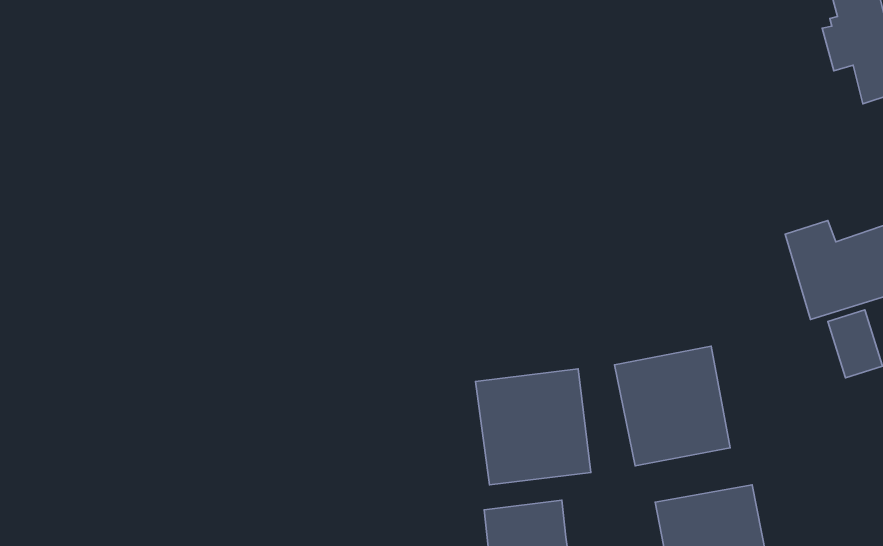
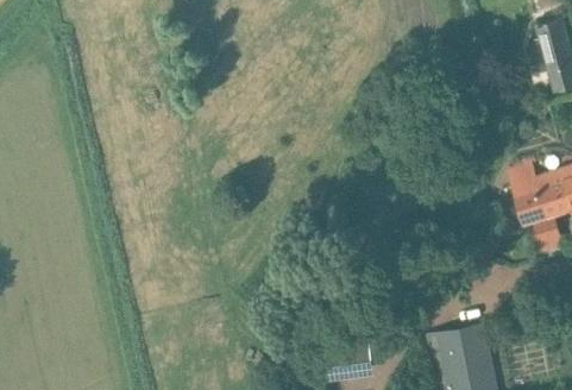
building: [615,346,730,466] -> none
building: [476,369,591,485] -> none

